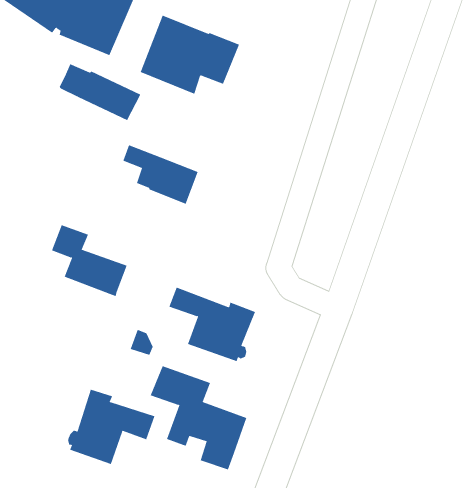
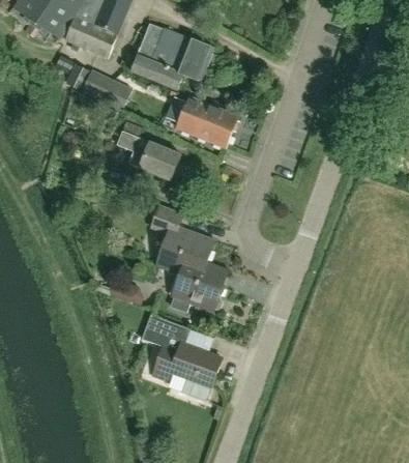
building: none -> [177,96,238,146]
building: [51,224,127,297] -> [152,205,215,265]
building: [68,389,155,465] -> none

